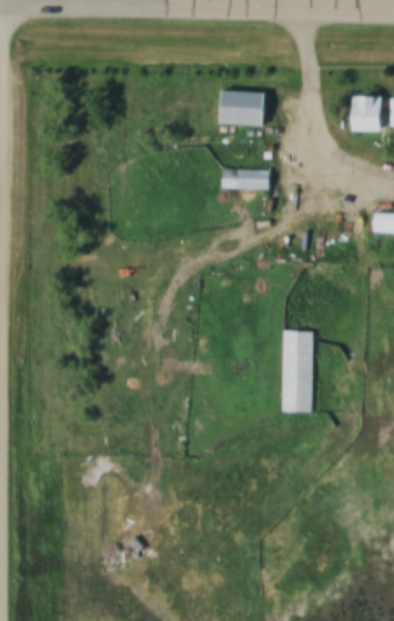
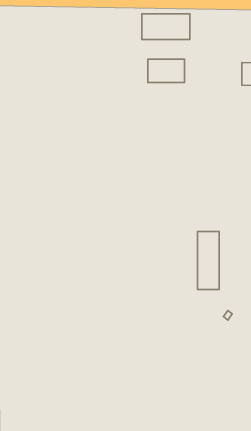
building: none -> [142,14,190,40]
building: [218,169,269,189] -> none

